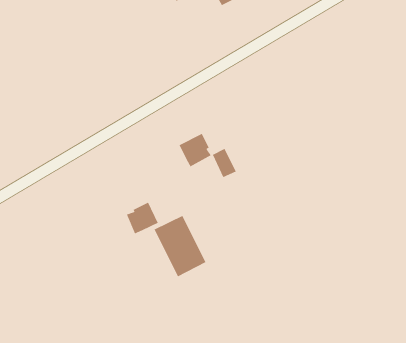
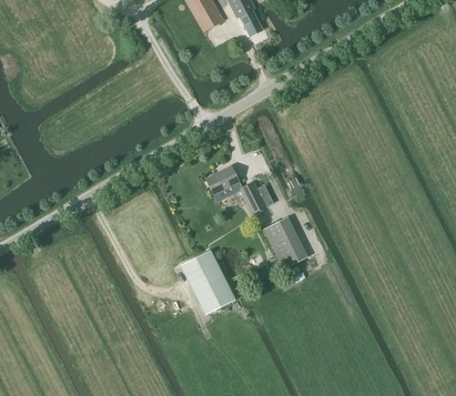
building: none -> [263,216,307,268]
building: [126,202,159,234] -> none

